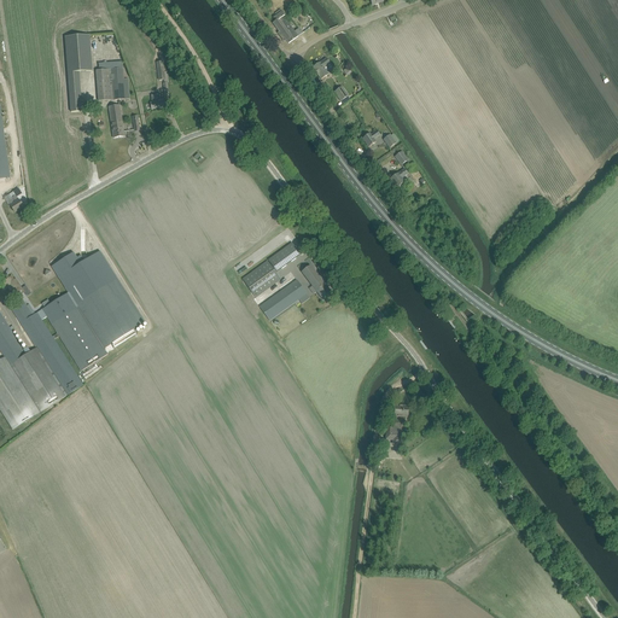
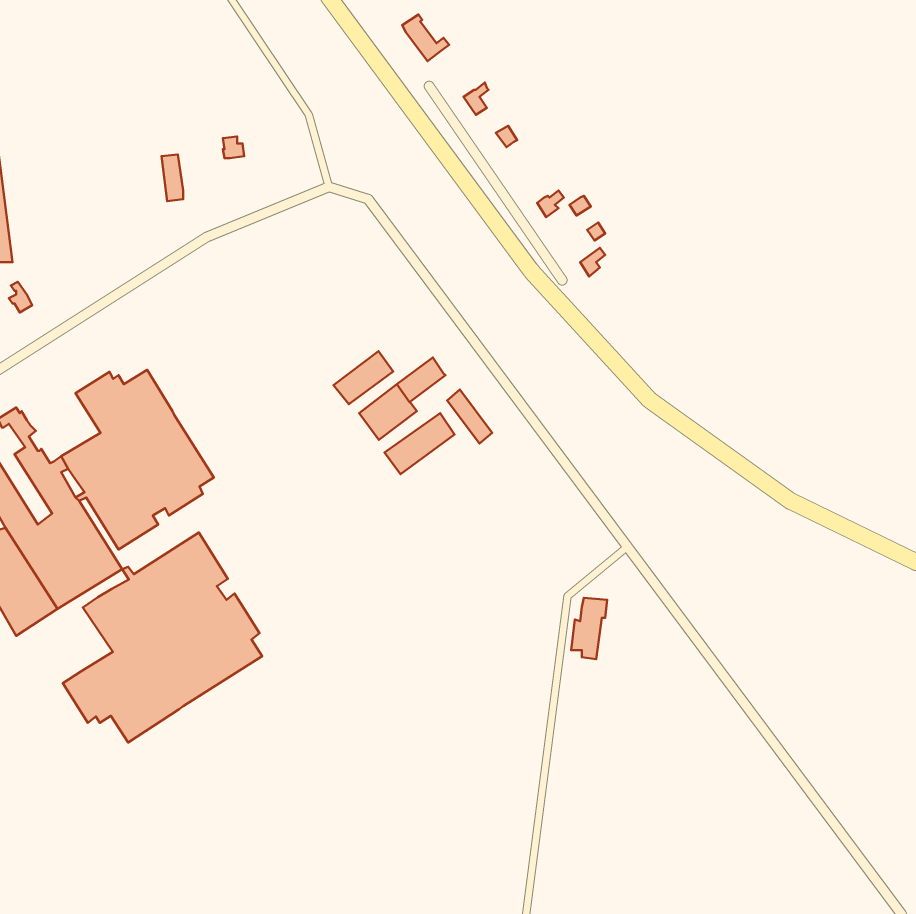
building: [64,33,91,110] -> none
building: [95,66,128,99] -> none
building: none -> [334,351,393,404]
building: none -> [63,533,262,742]

